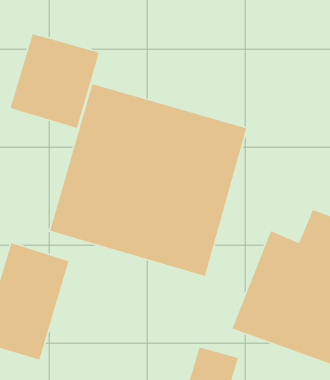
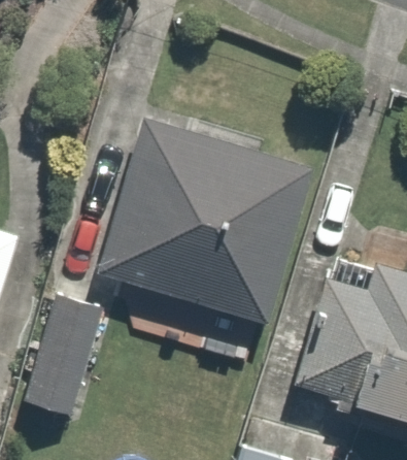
building: [9,33,100,129] -> none

